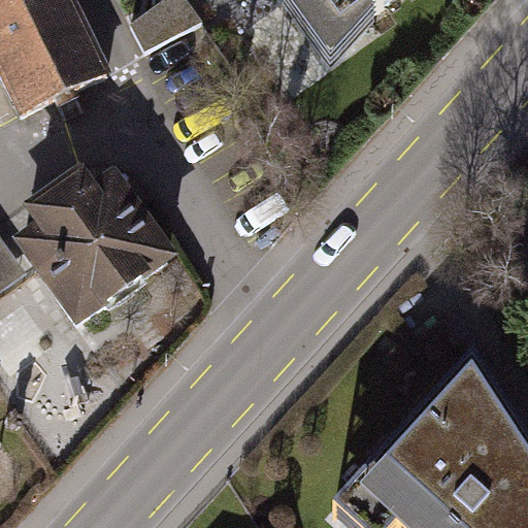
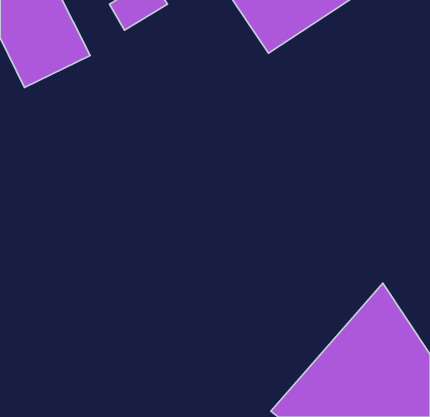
building: [9,171,187,348] -> none

